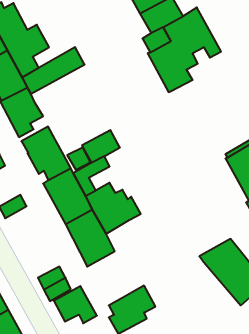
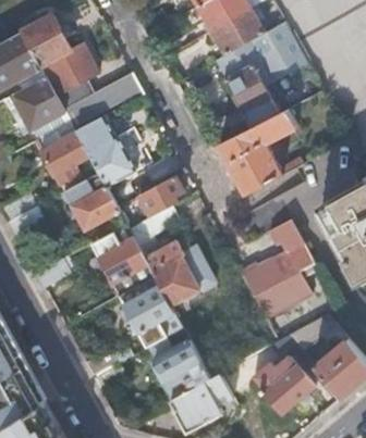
building: none -> [218,111,300,196]
building: none -> [80,138,135,189]
building: none -> [241,221,315,317]
building: none -> [240,336,312,413]
building: [54,286,97,323] -> [152,341,207,388]

